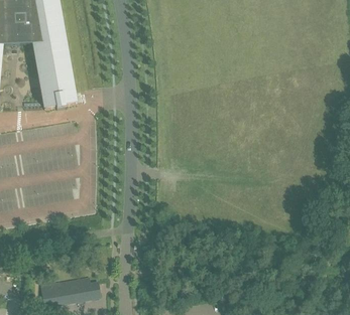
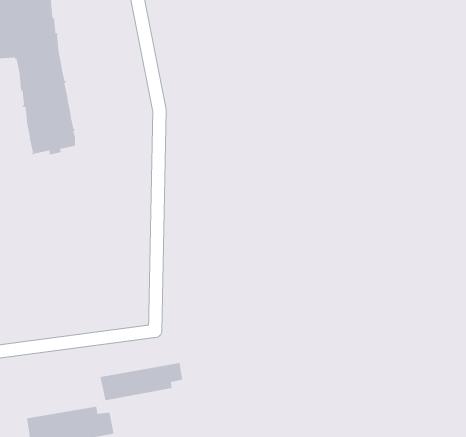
building: none -> [99,362,183,401]

